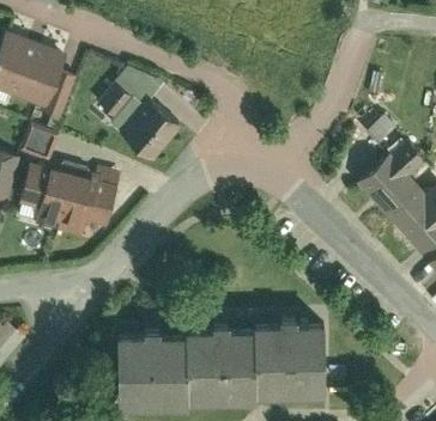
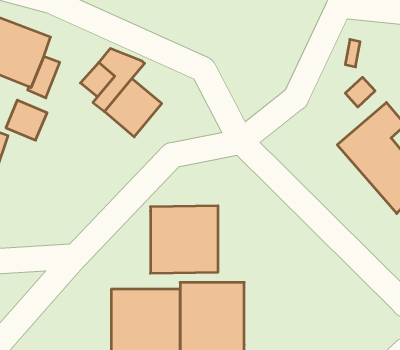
building: [20,165,120,240] -> none
building: [268,309,339,379] -> [150,206,218,273]

